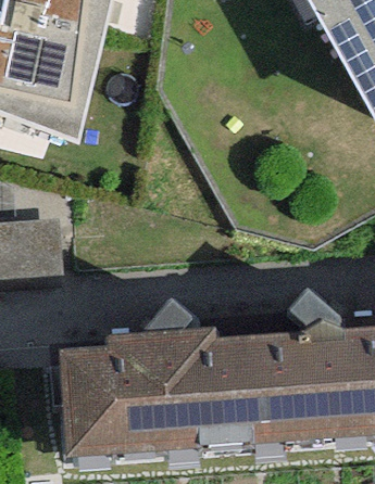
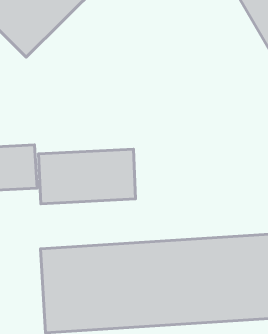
building: none -> [39,149,135,204]

